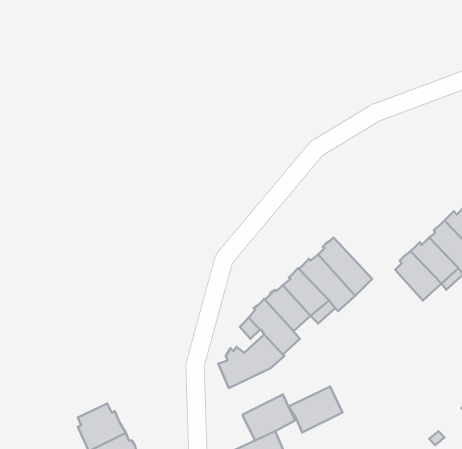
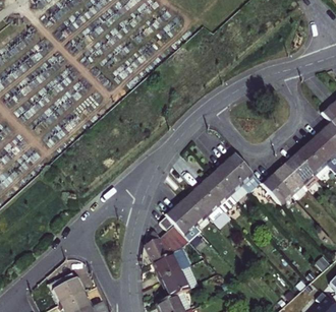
building: none -> [222,153,261,192]
building: [288,386,342,433] -> [153,249,188,279]

